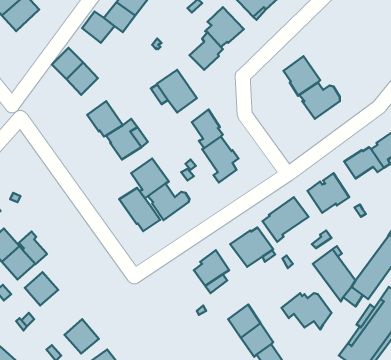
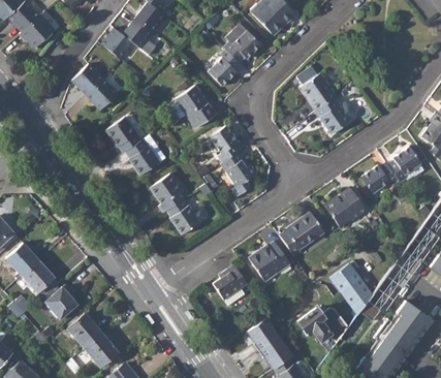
building: [119,188,160,231] -> none
building: [19,231,47,264] -> none
building: none -> [67,312,101,347]

